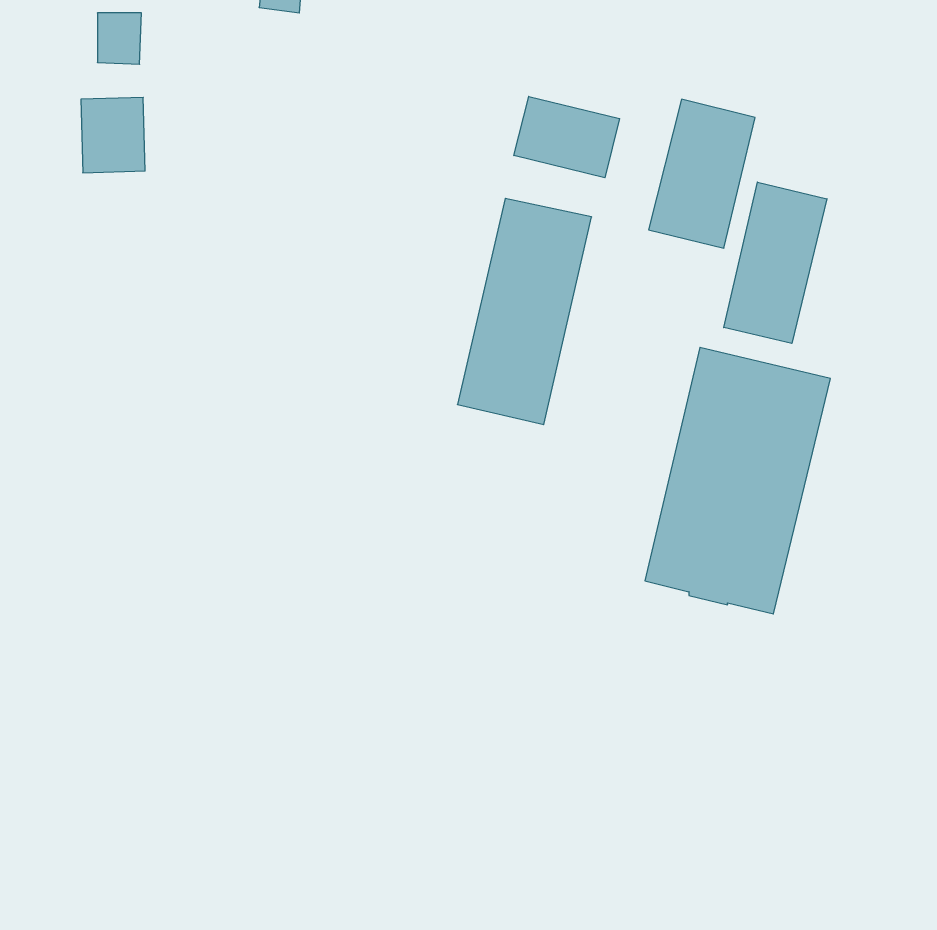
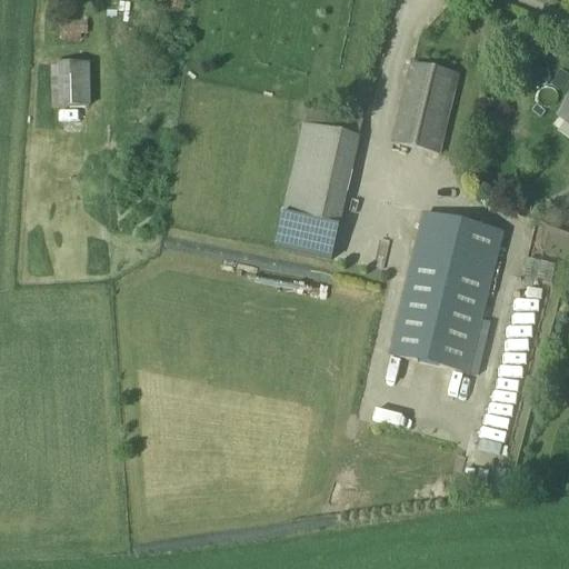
building: [514,96,620,178] -> none
building: [724,182,827,343] -> none

